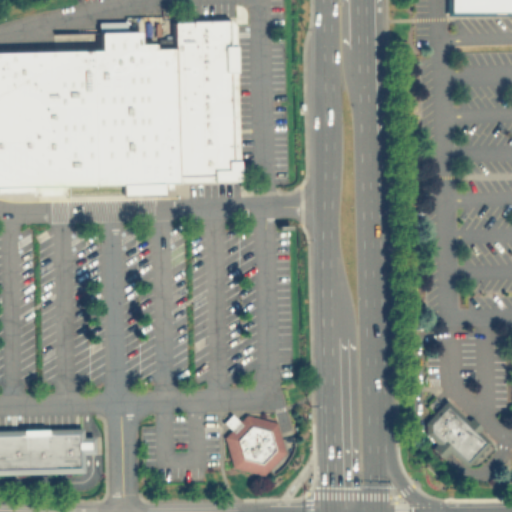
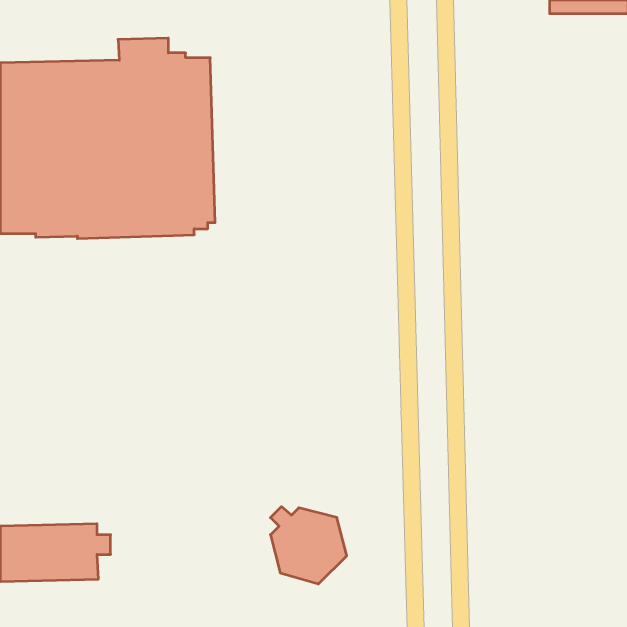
building: [171,20,236,182] -> none
building: [423,399,487,466] -> none

